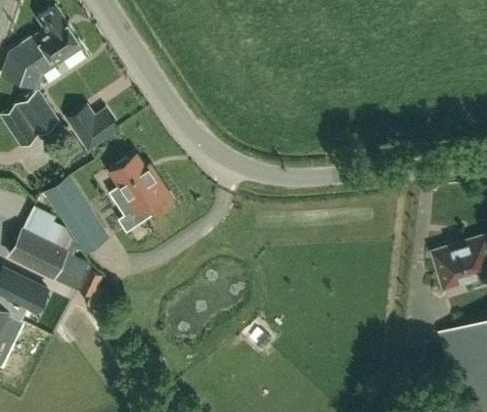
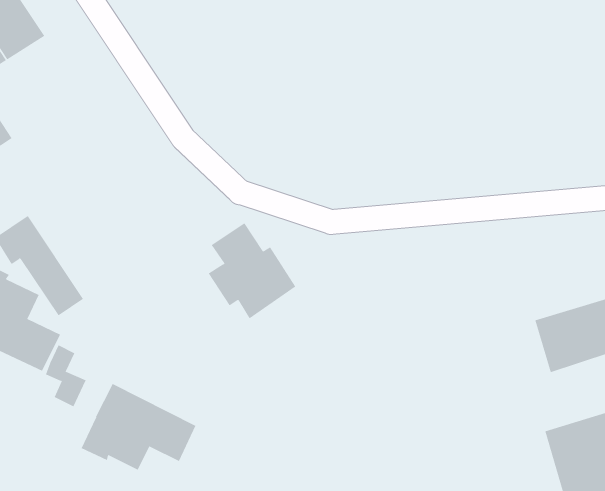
building: [68,105,119,149] -> none
building: [108,155,172,225] -> [208,222,296,319]
building: none -> [81,383,196,471]

